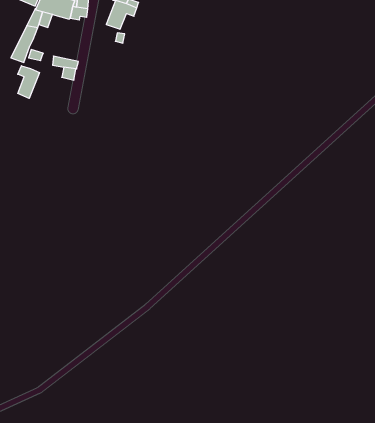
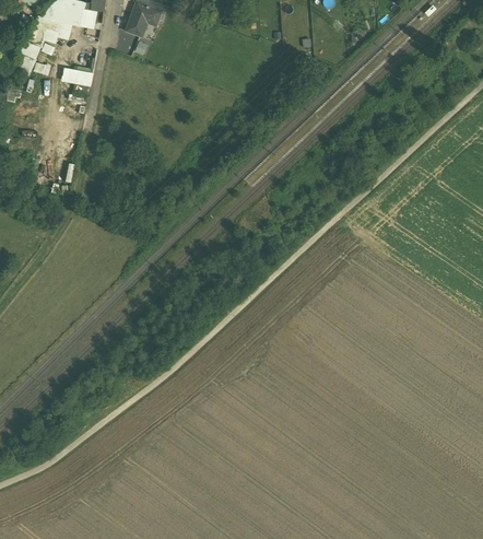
building: [18,66,40,98] -> none

